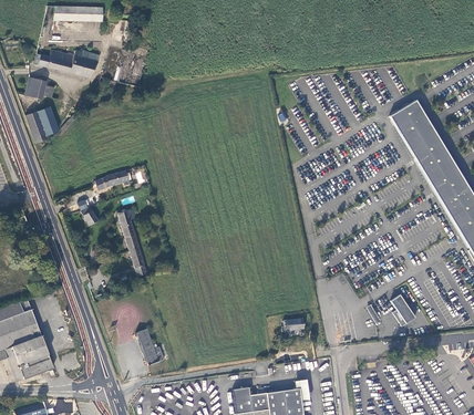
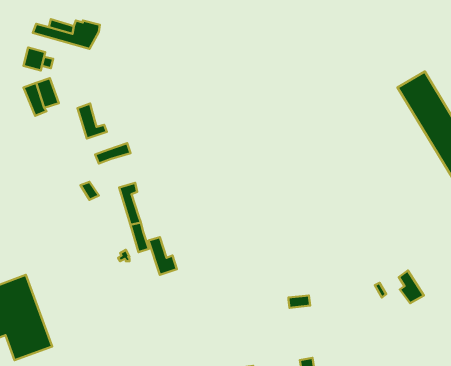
building: none -> [78,104,107,138]
building: [137,328,165,364] -> [148,237,177,275]

